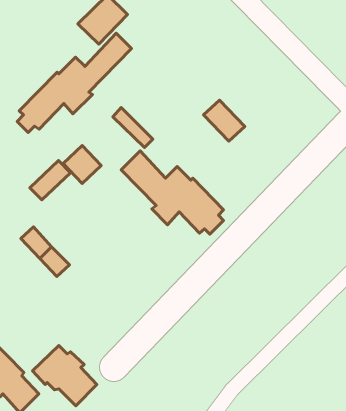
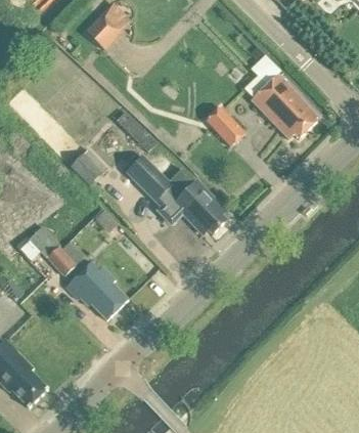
building: [17,33,132,132] -> none
building: none -> [251,74,318,136]
building: [30,161,71,200] -> none
building: [32,345,97,406] -> [64,260,127,318]

